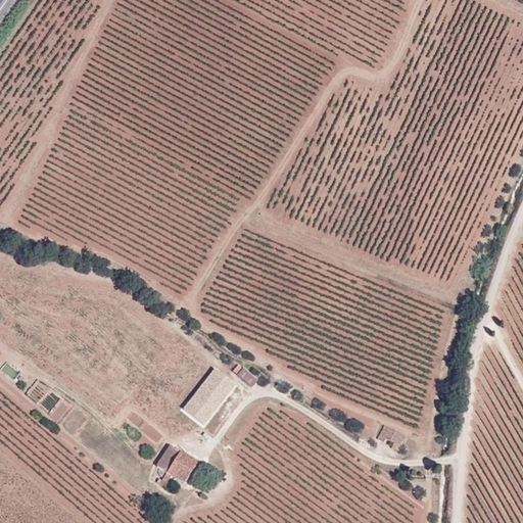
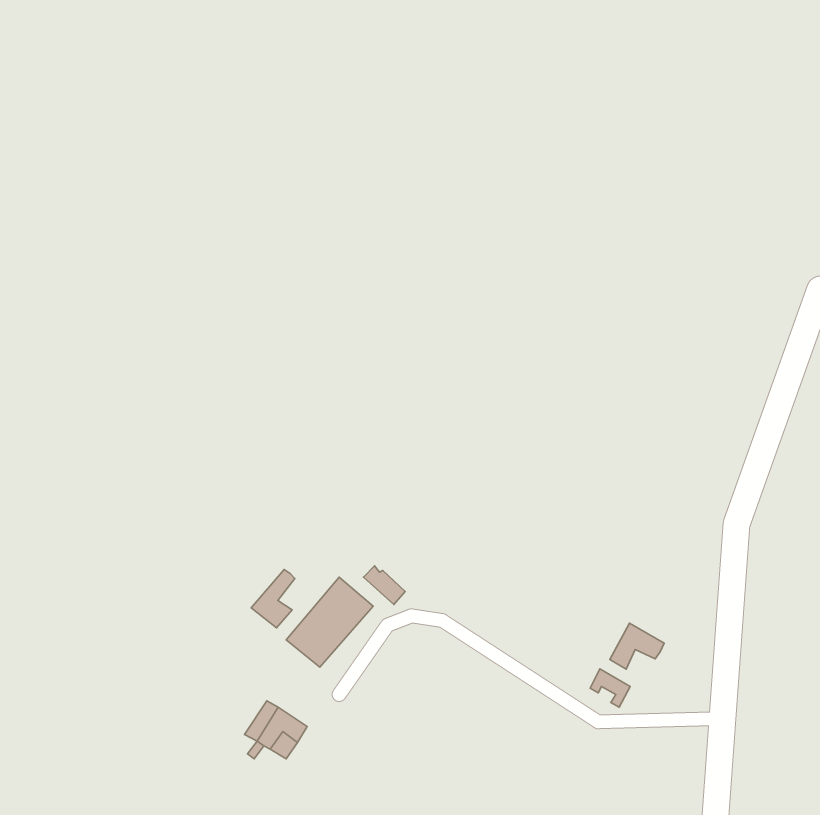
building: none -> [251,570,295,628]
building: none -> [610,623,664,669]

